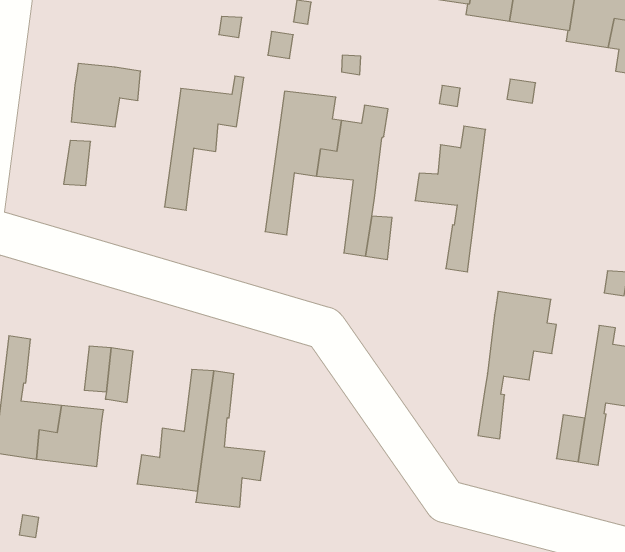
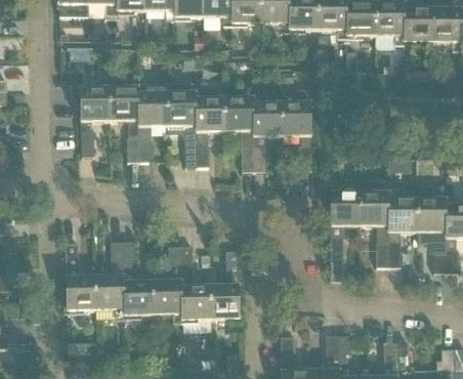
building: none -> [104,77,138,162]
building: none -> [161,83,196,167]
building: none -> [252,103,286,136]
building: none -> [353,179,387,225]
building: none -> [204,251,239,320]
building: none -> [122,283,157,315]

